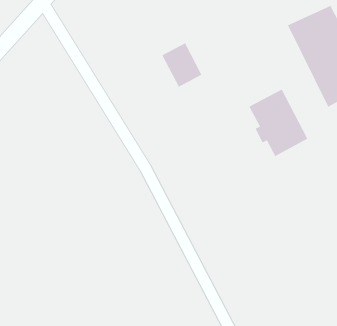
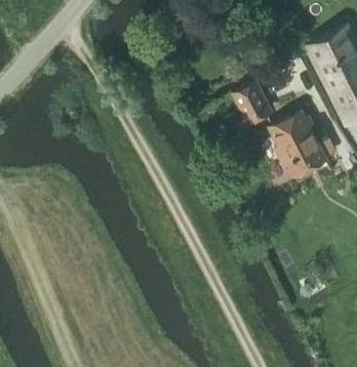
building: [162,42,202,87] -> [232,80,272,124]

